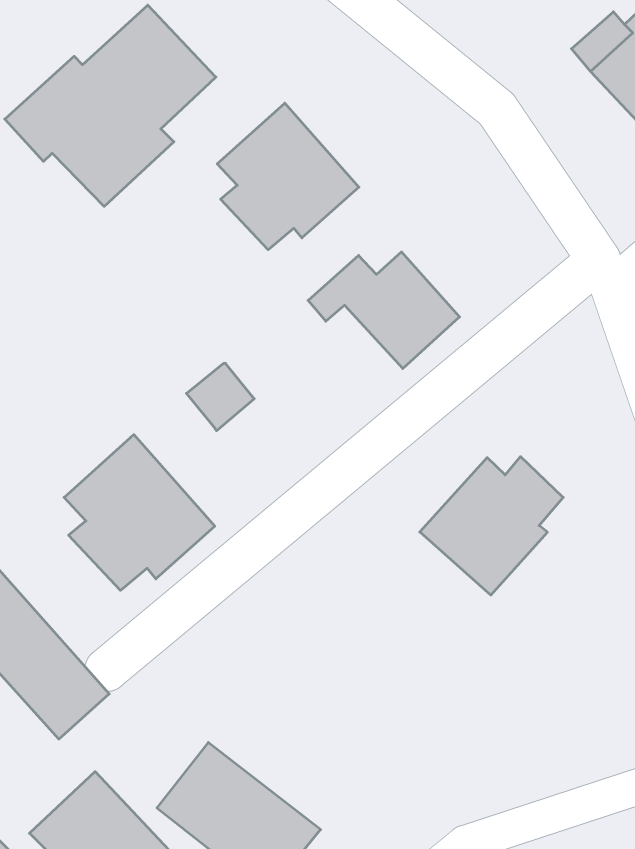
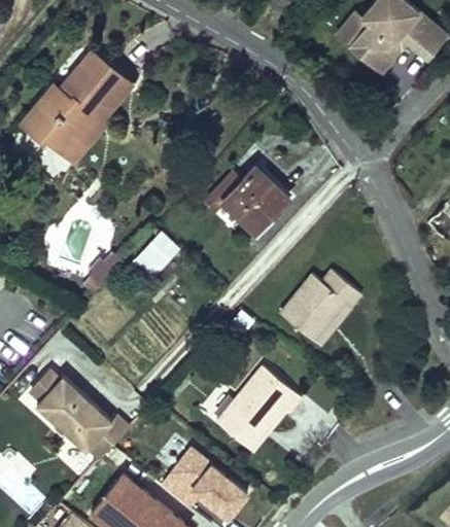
building: [217,103,359,250] -> none
building: [64,435,215,590] -> none
building: none -> [216,365,302,450]

